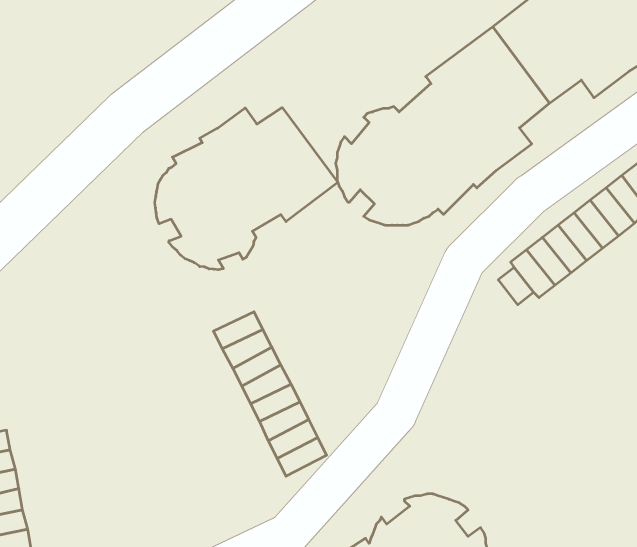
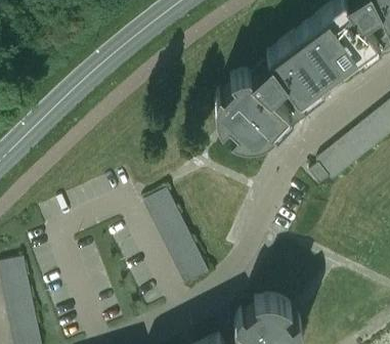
building: [155,108,338,270] -> none

